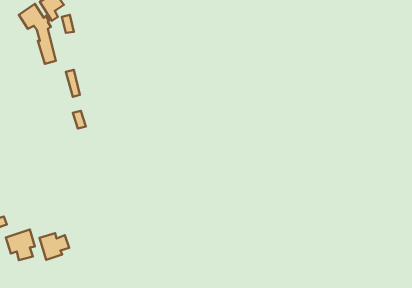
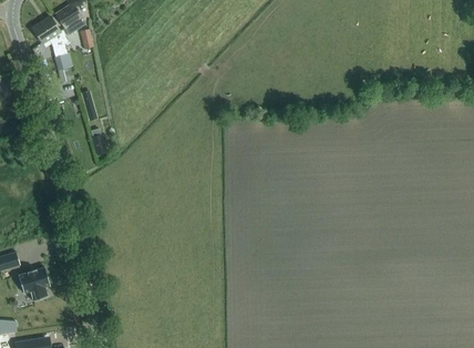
building: [40,233,69,260] -> none

